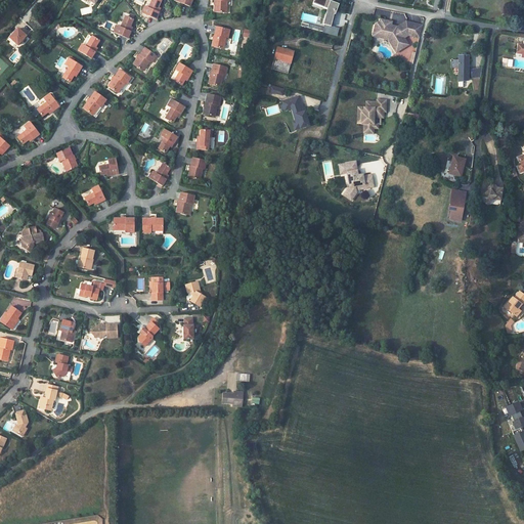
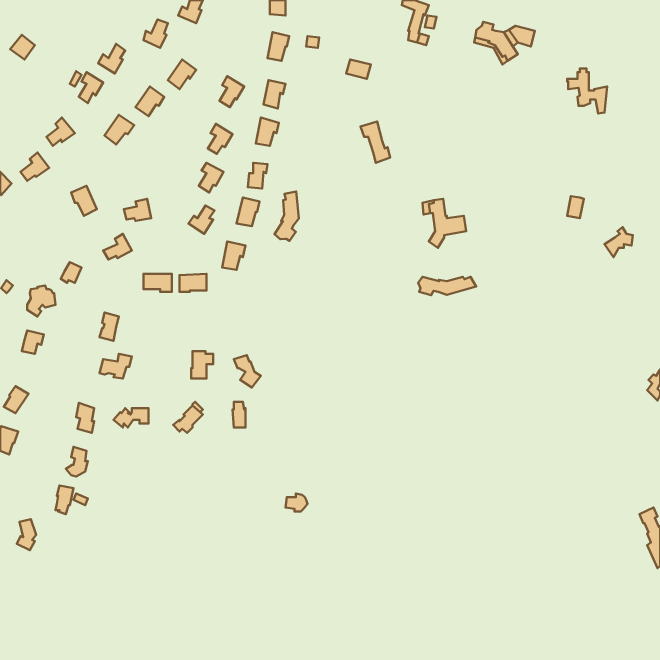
building: [362,99,387,131] -> none
building: none -> [275,192,299,241]
building: [447,188,466,221] -> none
building: none -> [418,277,476,295]

